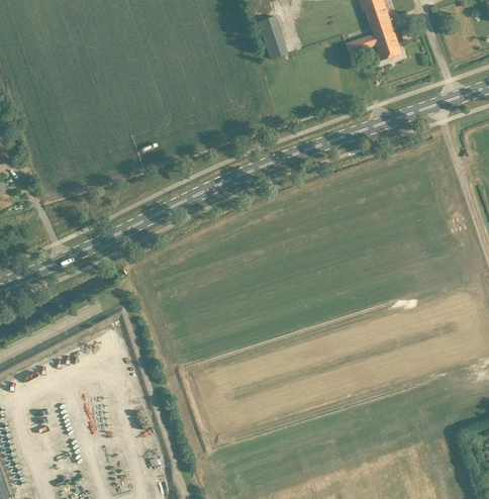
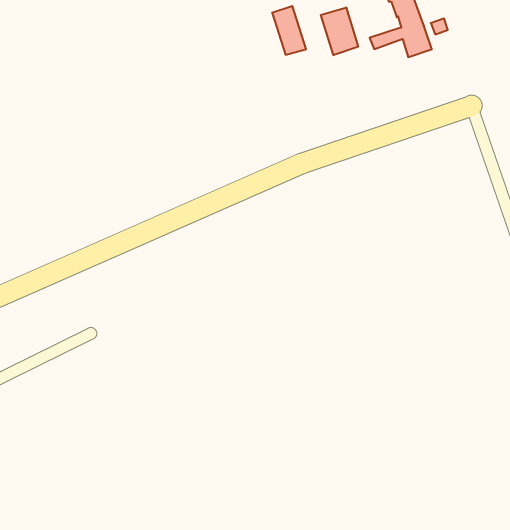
building: none -> [321,7,358,55]

